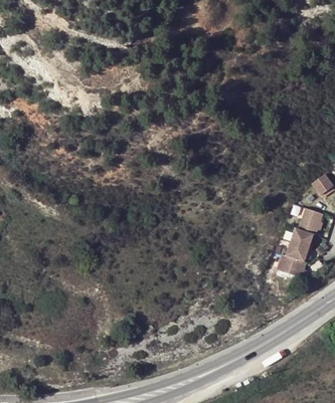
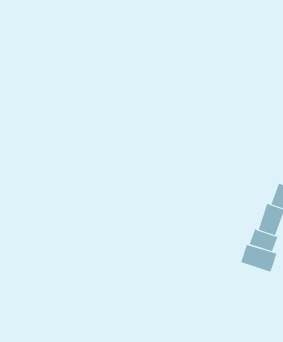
building: none -> [241,244,277,272]

